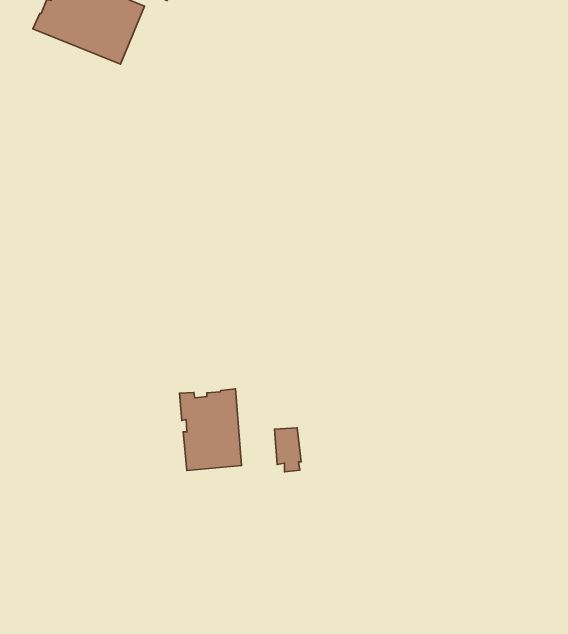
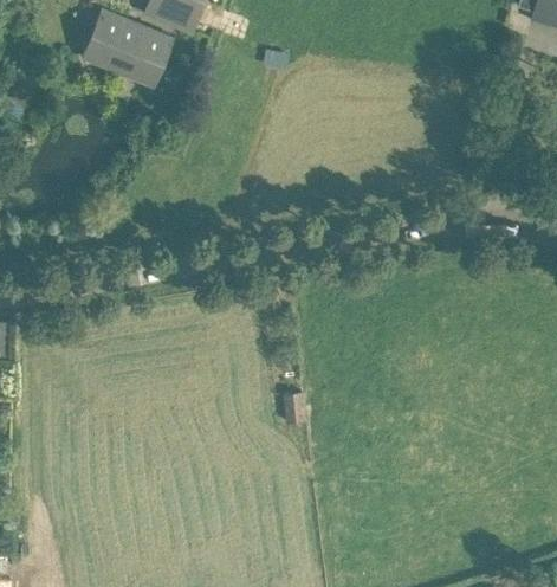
building: [179,389,242,470] -> none

